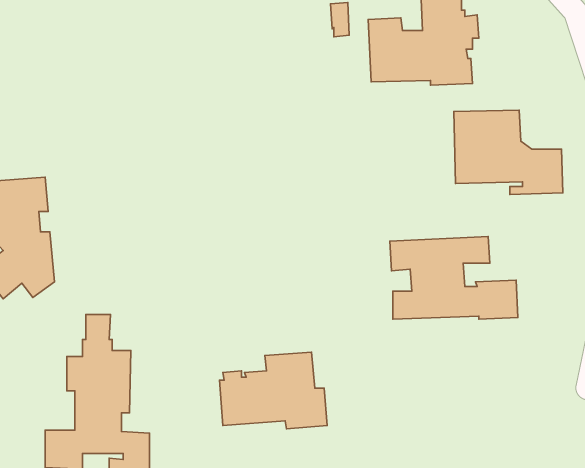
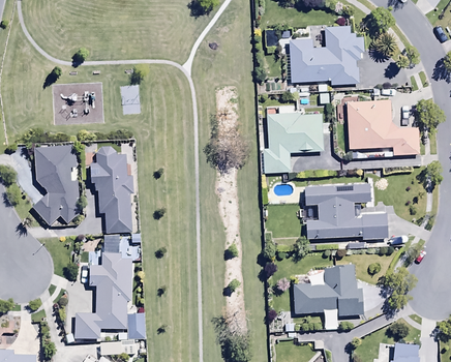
building: none -> [263,105,324,173]
building: none -> [90,147,133,233]
building: [220,352,327,429] -> [293,266,364,316]

